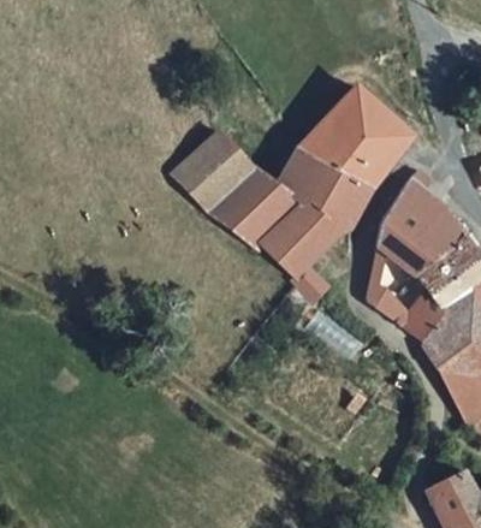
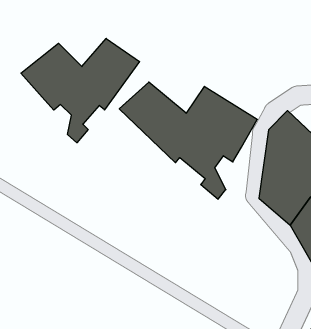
building: none -> [21,38,140,143]
building: [297,82,409,192] -> none

